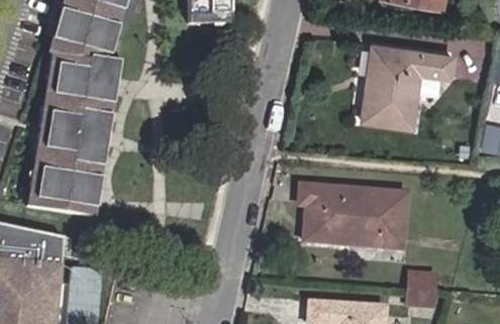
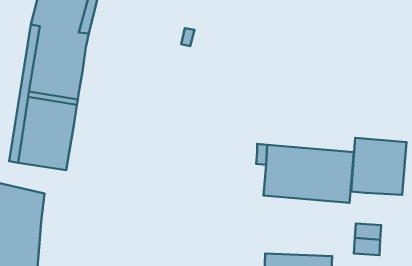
building: [363,45,452,127] -> none
building: none -> [351,138,406,195]

